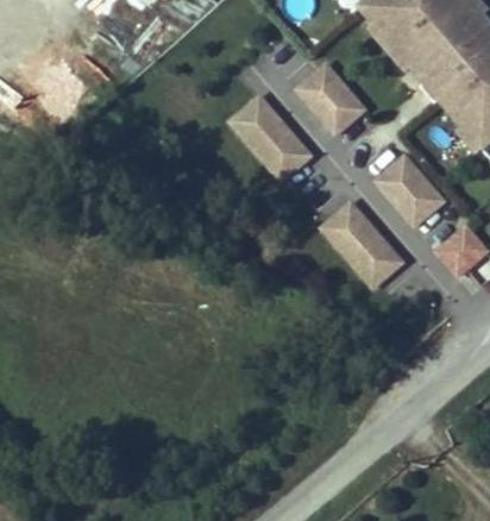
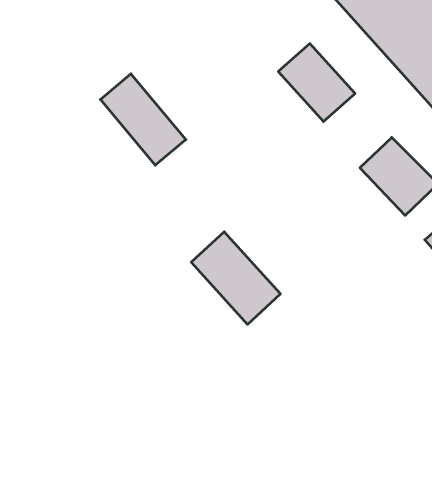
building: [233,92,316,181] -> [100,74,186,165]
building: [321,196,408,287] -> [191,232,280,324]

